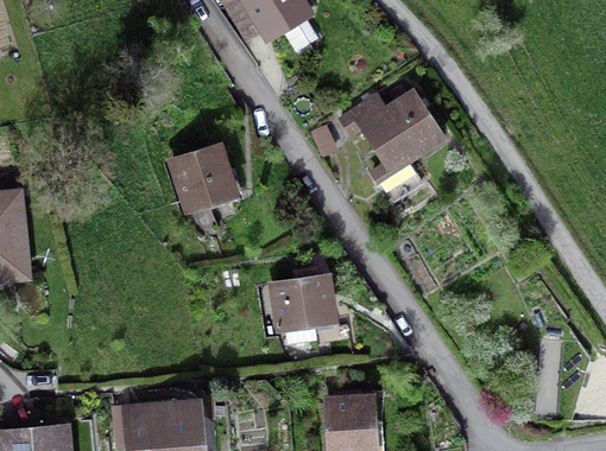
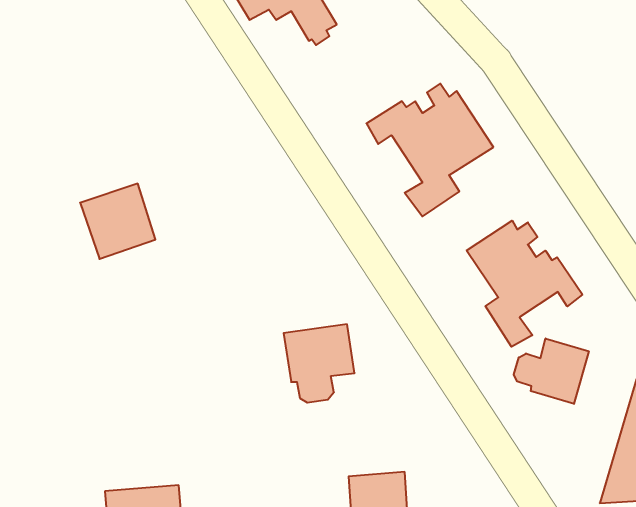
building: [172,146,233,207] -> [80,184,155,259]
building: none -> [467,221,582,347]
building: none -> [514,338,589,404]

